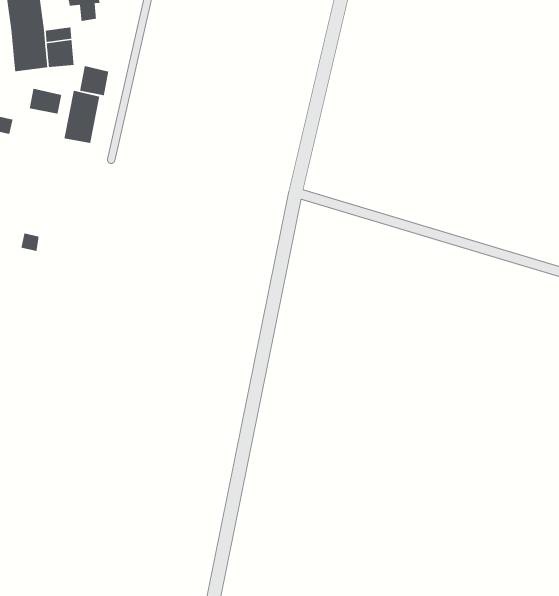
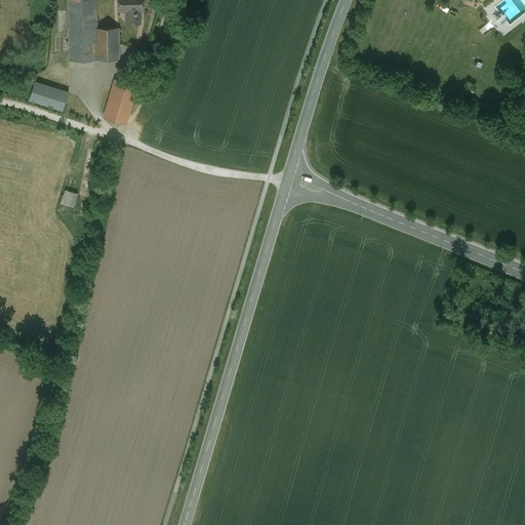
building: [79,65,109,96] -> none
building: [29,88,62,115] -> none

